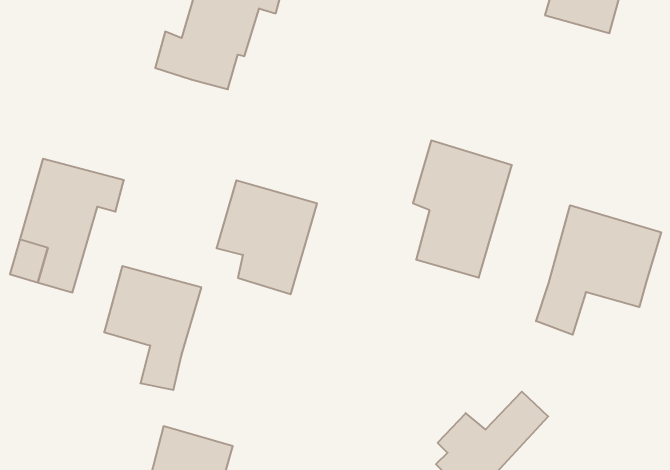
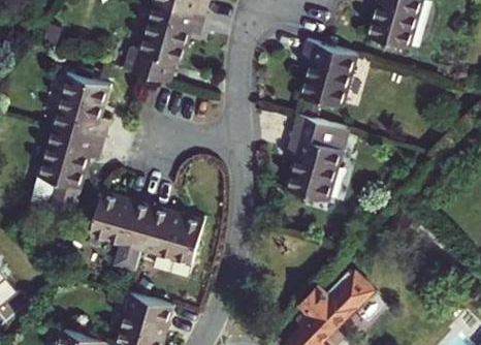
building: none -> [300,41,355,106]
building: none -> [54,76,109,140]
building: [216,180,317,294] -> [140,208,203,279]
building: [536,205,661,335] -> none

